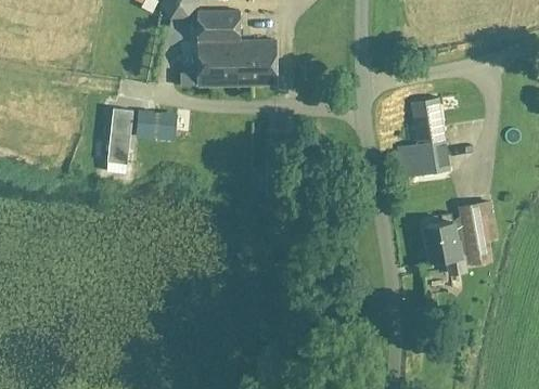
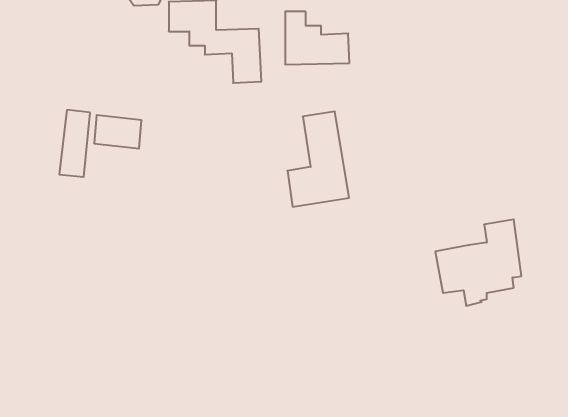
building: [197,40,252,85] -> [285,12,349,64]
building: [396,96,448,177] -> [287,112,349,207]

